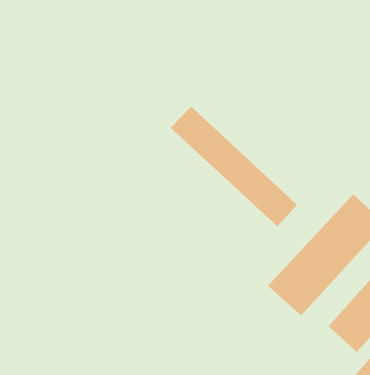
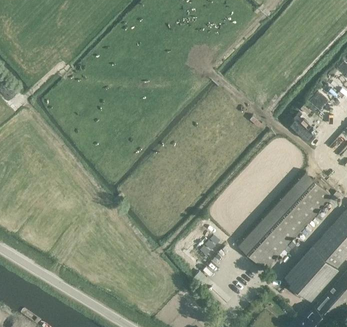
building: [170,106,298,227] -> none

